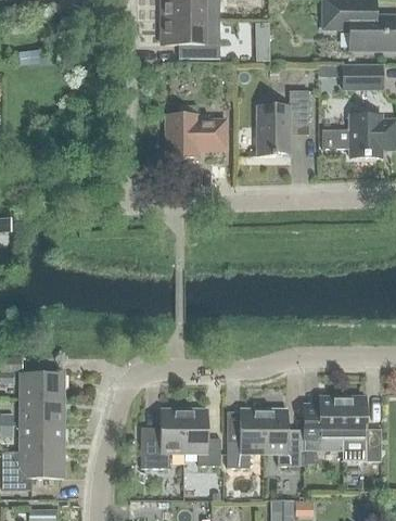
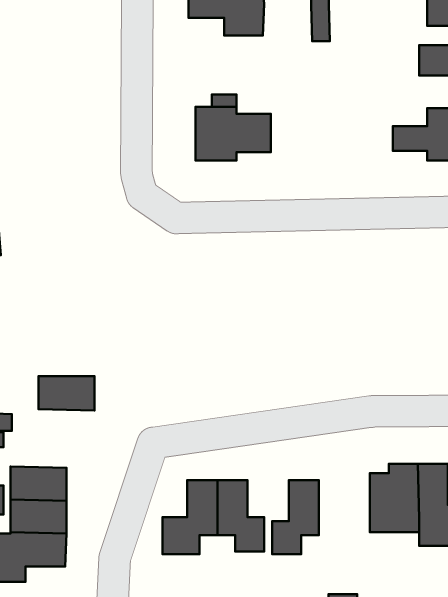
building: [250,90,308,156] -> none
building: [20,372,64,399] -> [38,376,95,410]
building: [264,409,301,466] -> none

